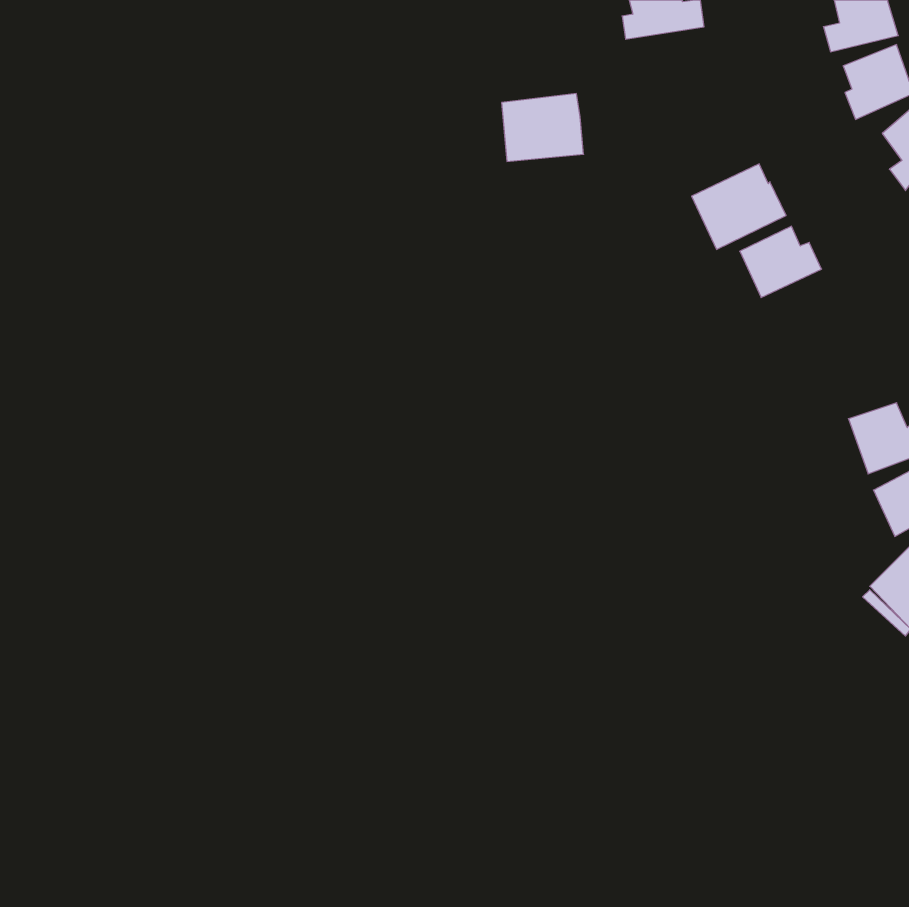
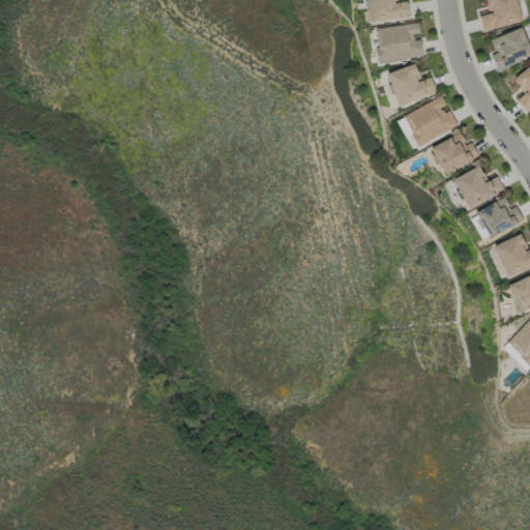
building: [502,94,584,161] -> [375,24,422,63]
building: none -> [387,65,437,106]
building: none -> [453,167,505,210]
building: none -> [477,200,523,238]

